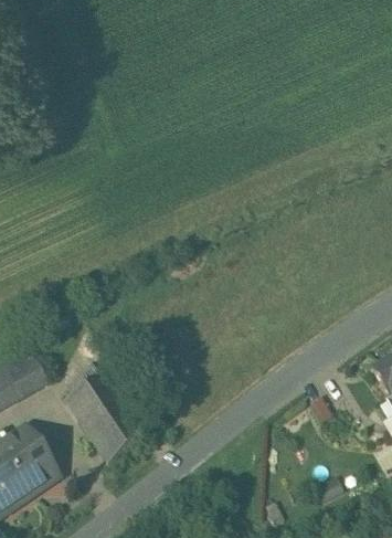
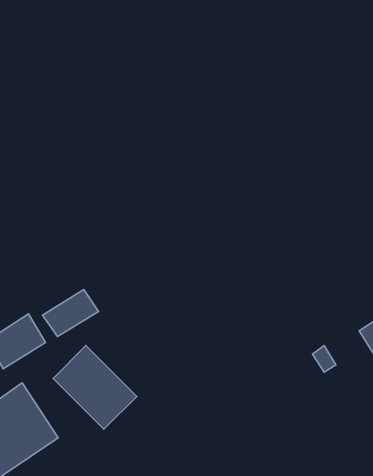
building: none -> [42,289,99,336]

